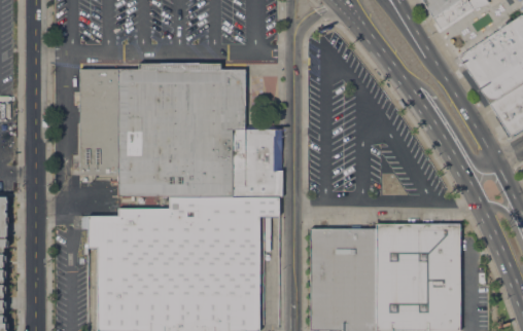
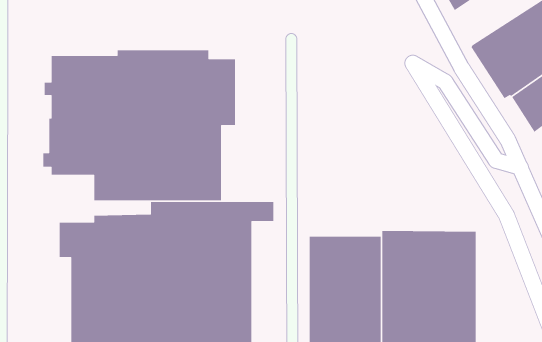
building: [234,125,284,197] -> none

